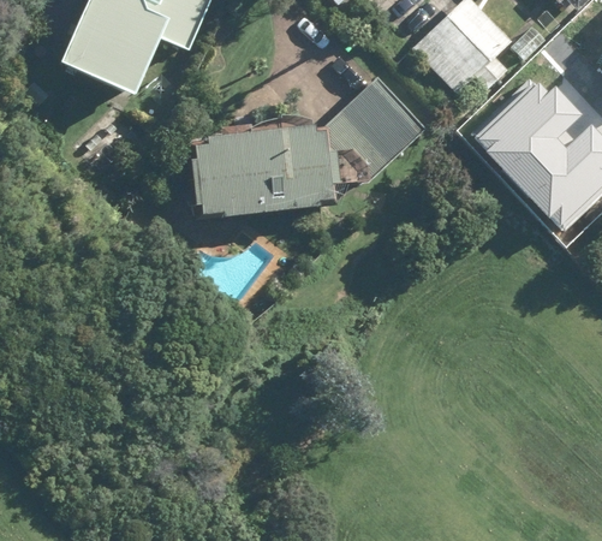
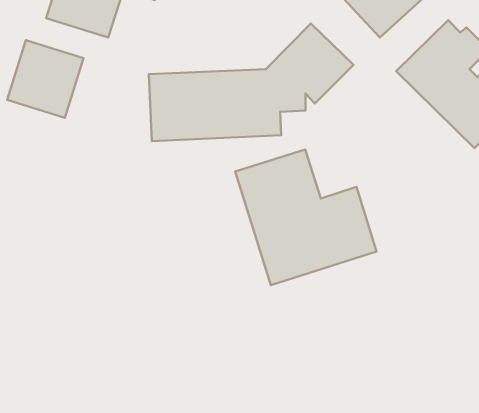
building: none -> [7,40,84,118]
building: none -> [235,149,376,285]

